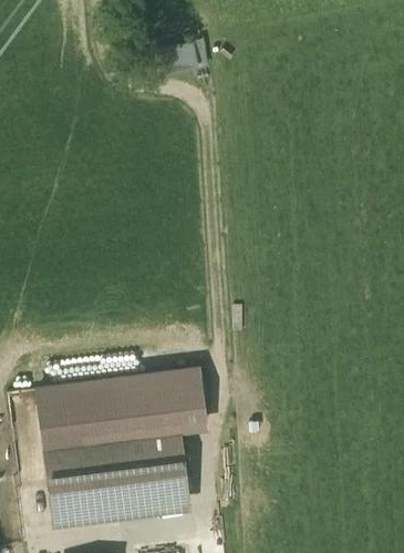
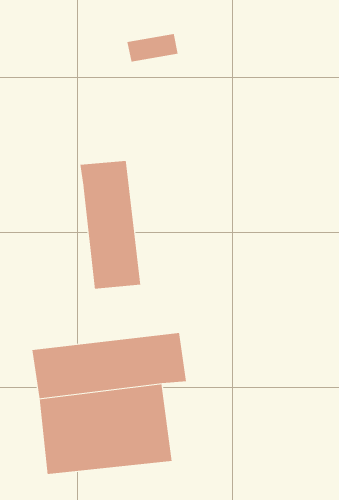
building: none -> [80,160,141,290]

